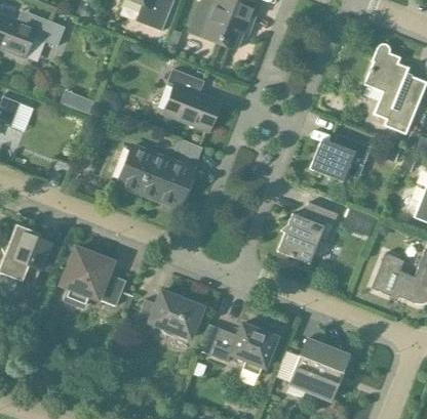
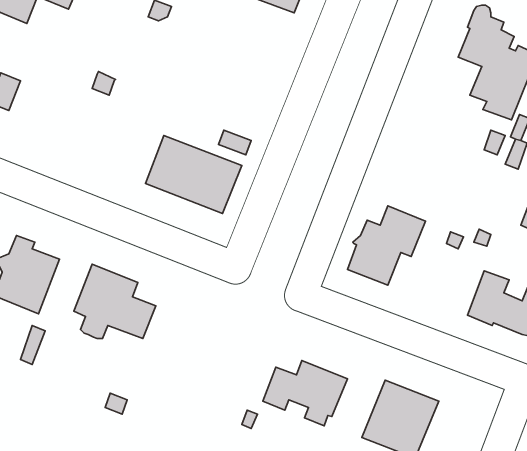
building: [163,69,221,131] -> none
building: [310,135,372,181] -> none
building: [137,291,202,337] -> none

